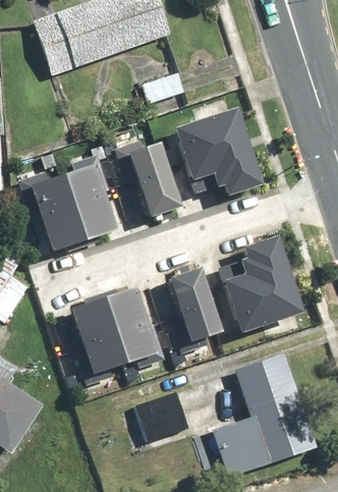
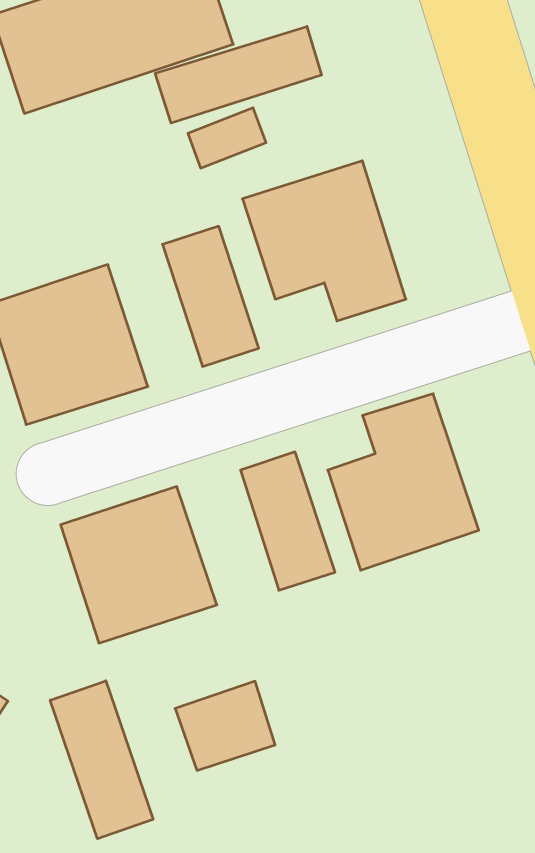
building: none -> [155,26,322,123]
building: [211,354,317,481] -> none
building: none -> [50,681,153,839]

